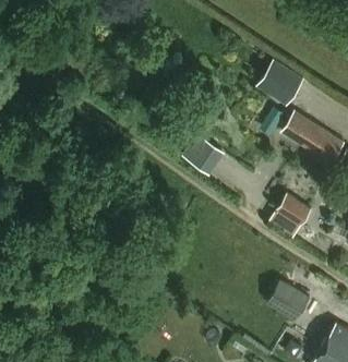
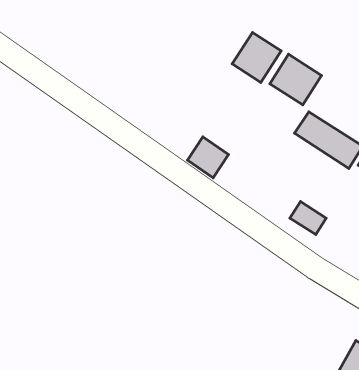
building: none -> [232,32,281,82]
building: [266,281,310,322] -> none

